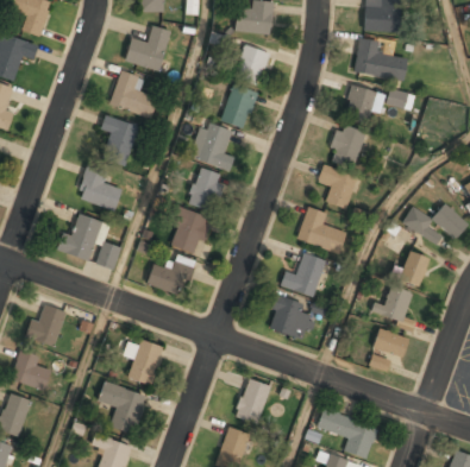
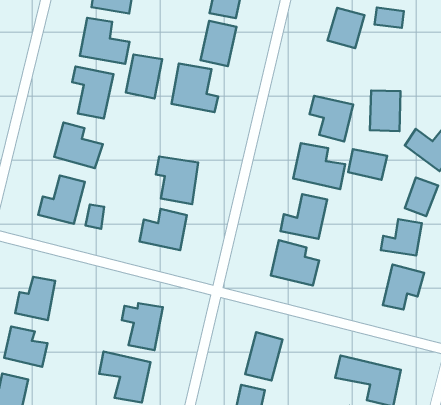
building: [331,126,363,166] -> [370,90,401,131]
building: [188,169,225,212] -> [126,54,162,98]
building: none -> [348,149,387,180]

